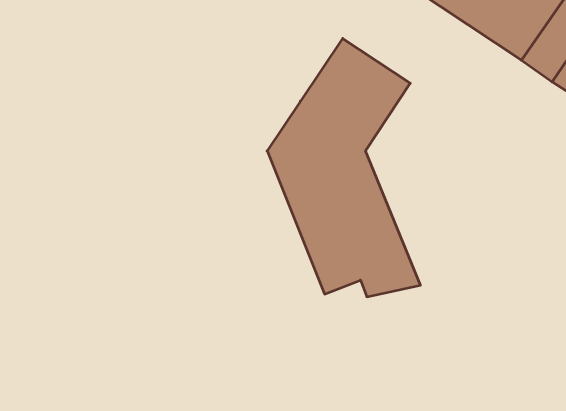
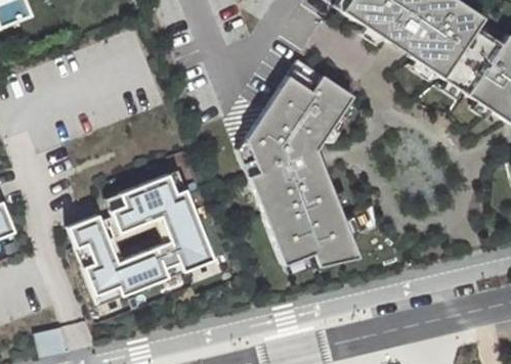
building: none -> [72,172,217,299]

